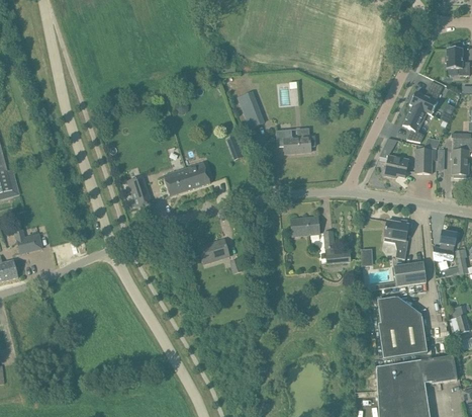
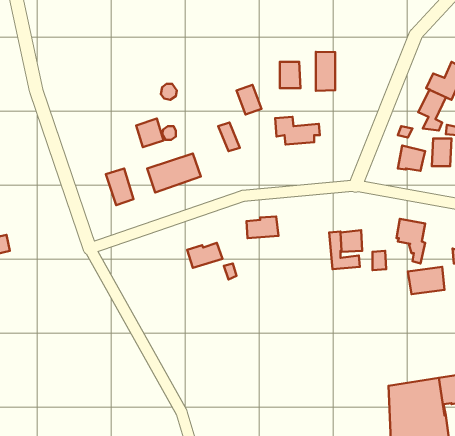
building: none -> [316,52,335,91]
building: none -> [136,119,163,147]
building: [291,216,319,235] -> [246,216,278,238]
building: [377,296,427,358] -> none

